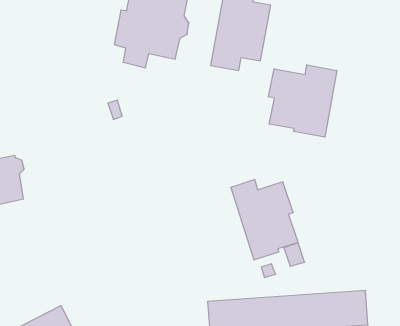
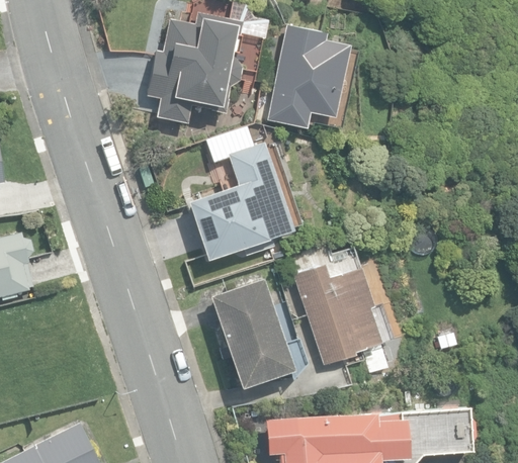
building: [268,65,337,137] -> none
building: none -> [189,143,294,261]
building: none -> [211,280,293,387]

